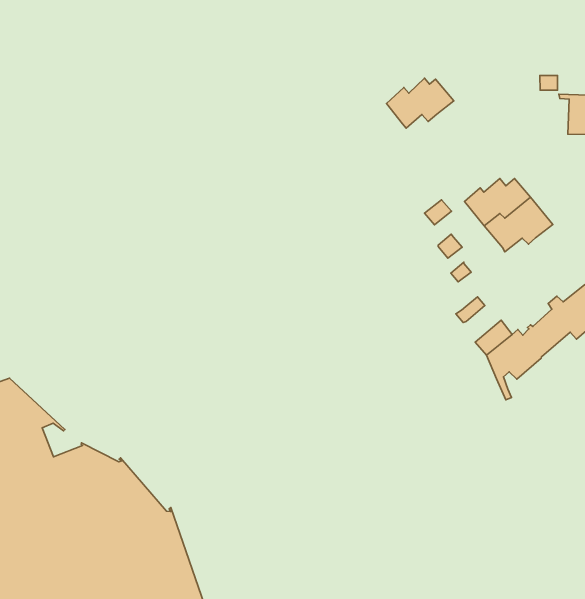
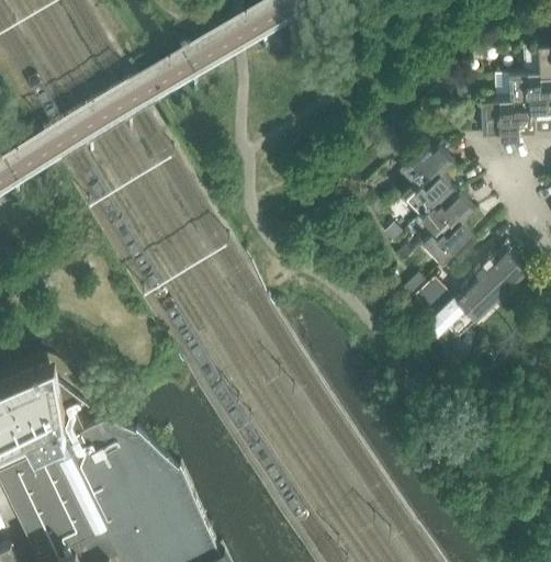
building: [386,78,454,128] -> [398,146,453,188]
building: none -> [421,222,476,265]

